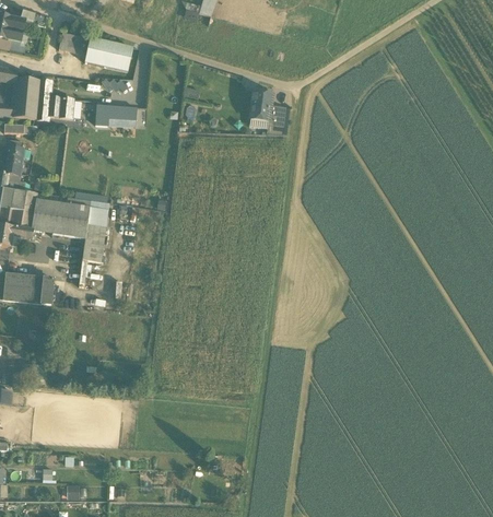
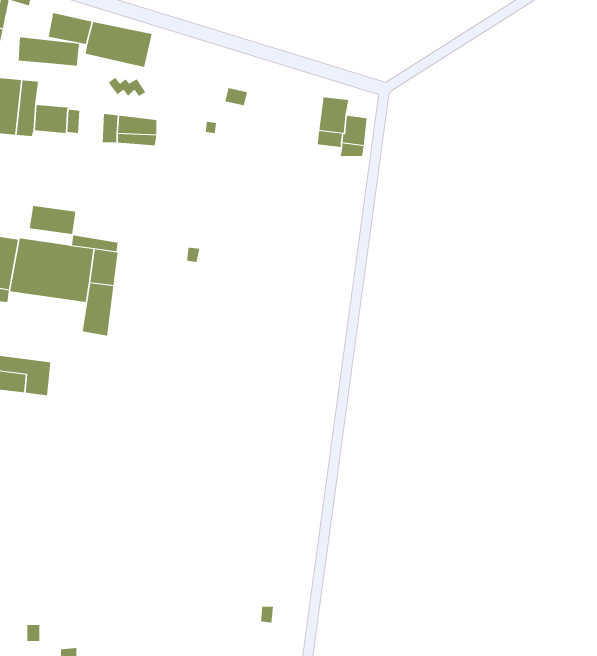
building: none -> [18,36,80,66]
building: none -> [29,205,76,235]

